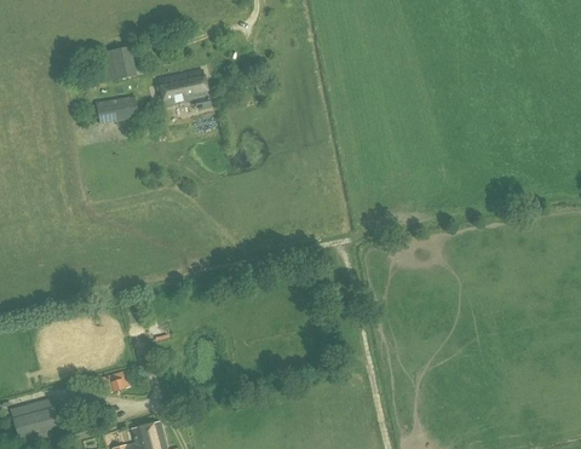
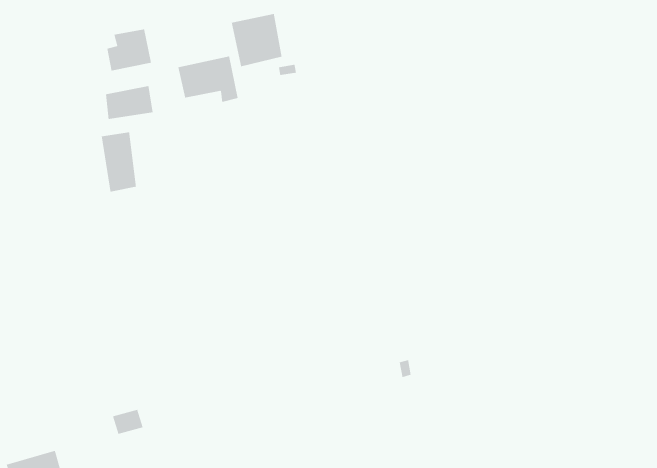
building: none -> [231,13,282,67]
building: none -> [101,131,137,193]

